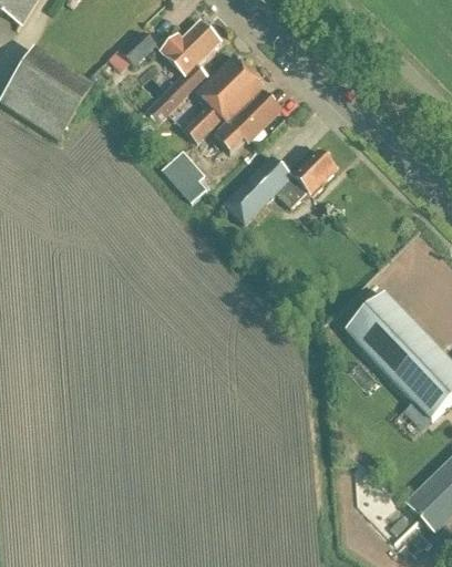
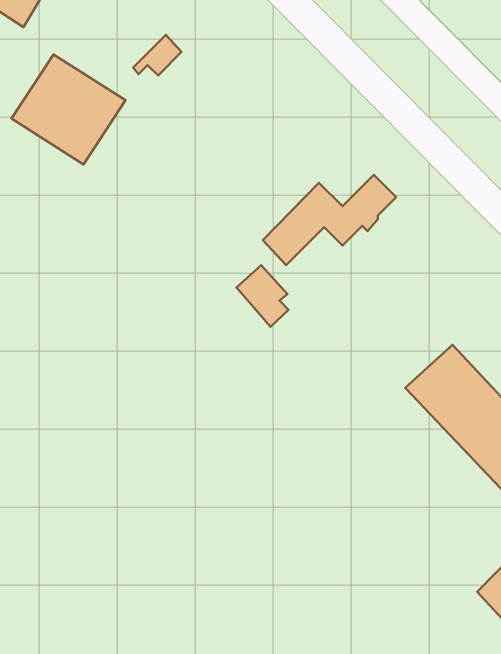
building: [141,21,219,127] -> none
building: [184,55,281,151] -> none
building: [162,150,206,202] -> [236,265,289,327]

